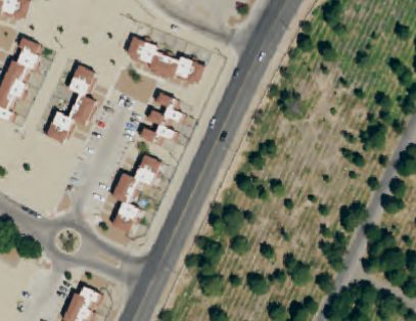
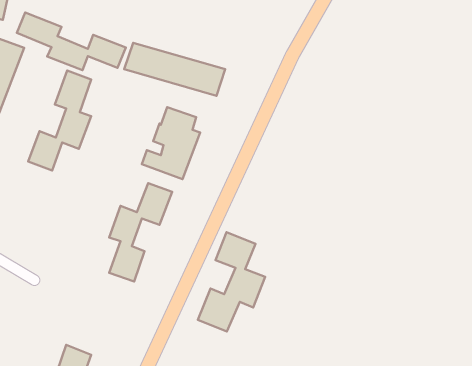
building: none -> [17,13,126,70]
building: none -> [198,232,265,331]

